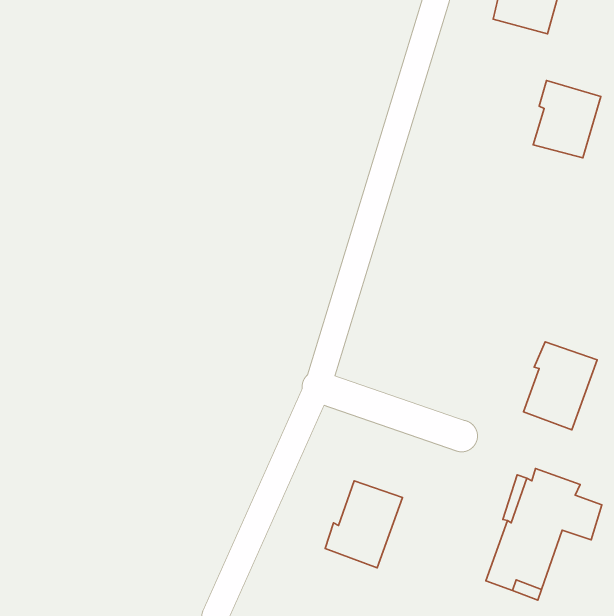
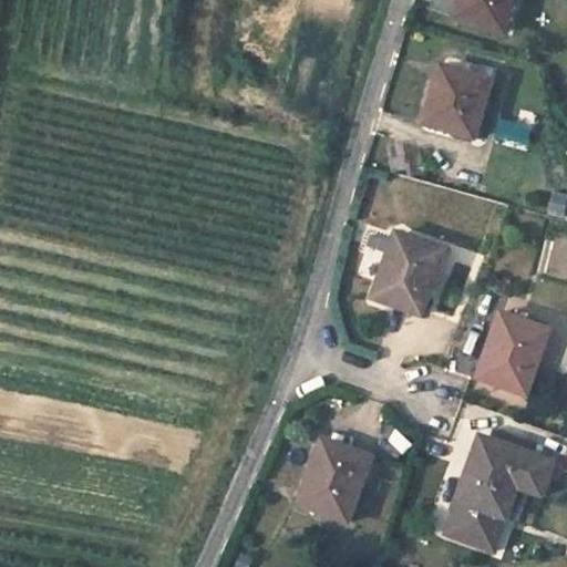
building: [533,81,601,158] -> [426,65,488,136]
building: none -> [375,234,442,315]

